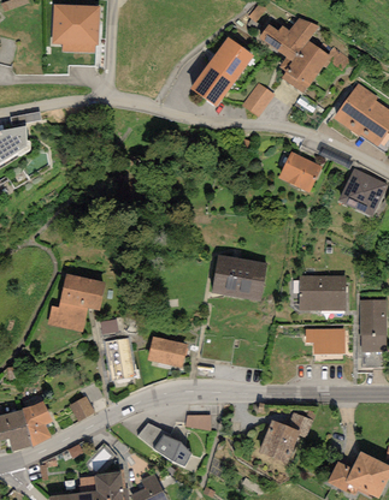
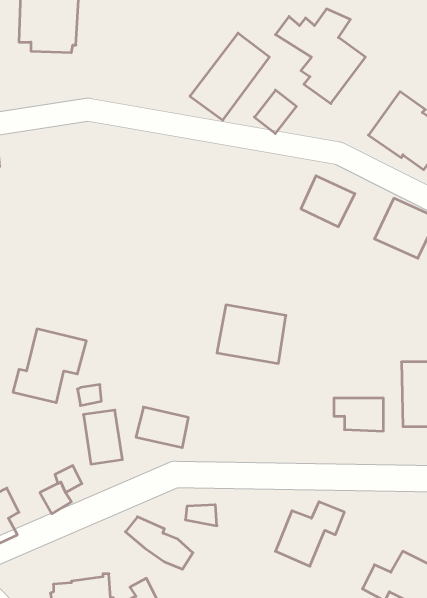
building: [299,275,346,310] -> none

